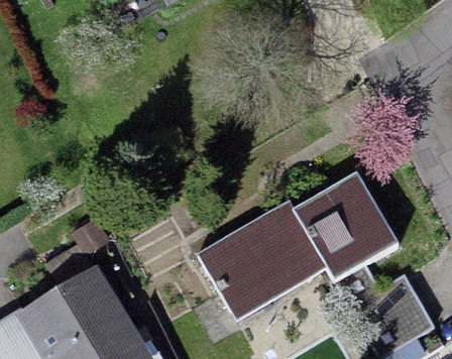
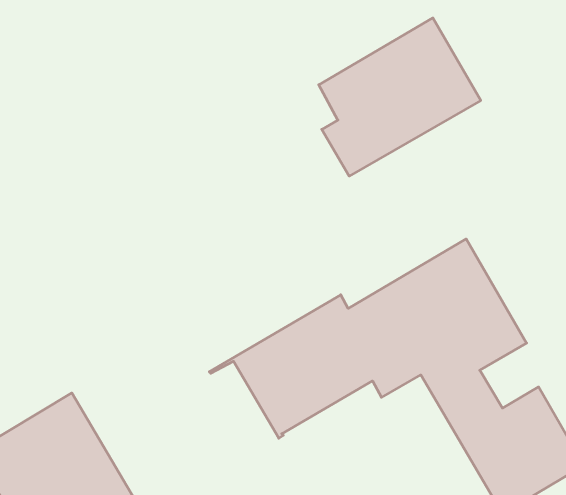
building: none -> [319,18,481,176]

